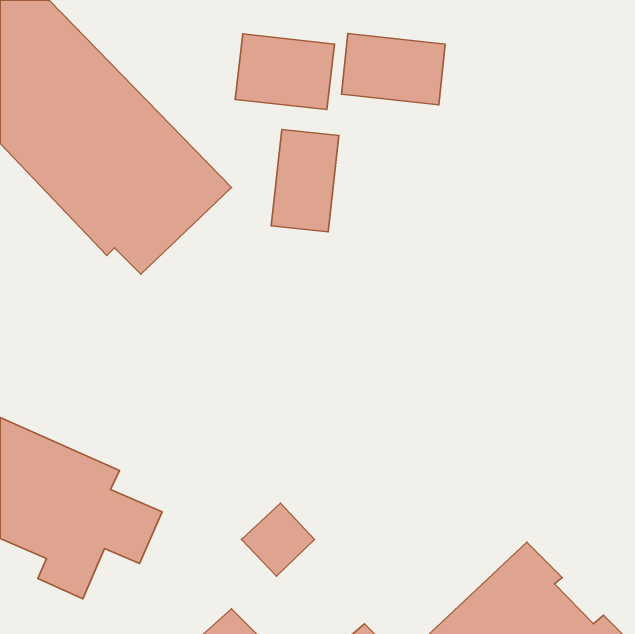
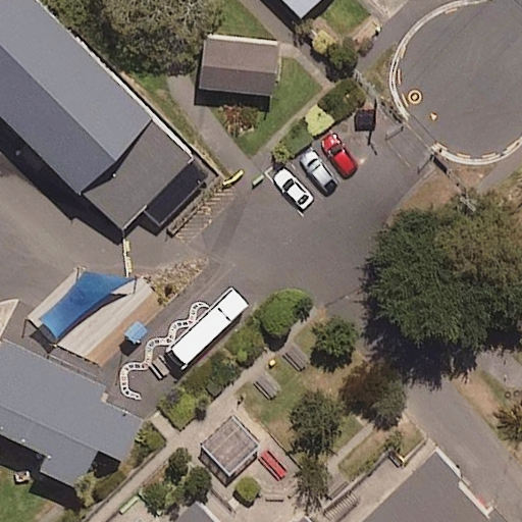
building: [341,33,445,105] -> none
building: [271,130,339,232] -> none

